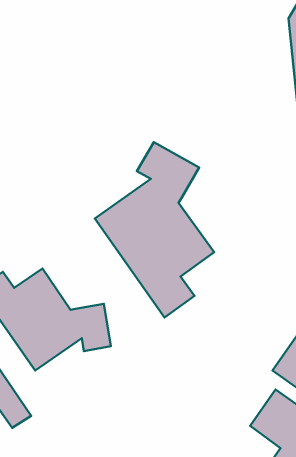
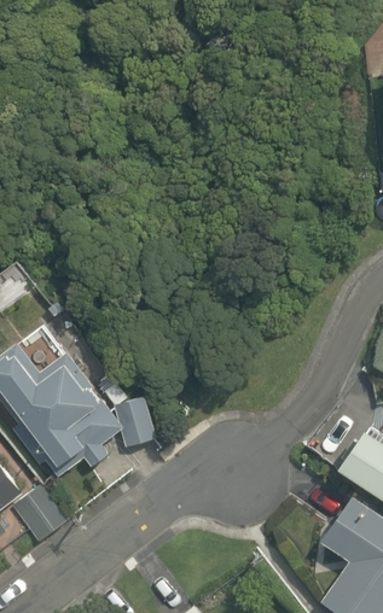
building: [95,142,214,318] -> none

